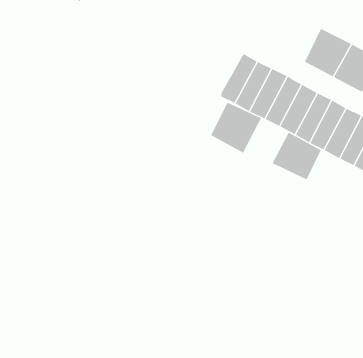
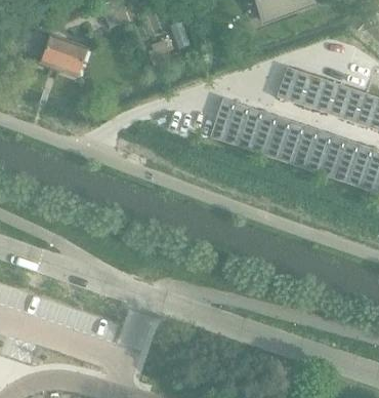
building: [210,102,262,153] -> none
building: [272,132,322,180] -> none

